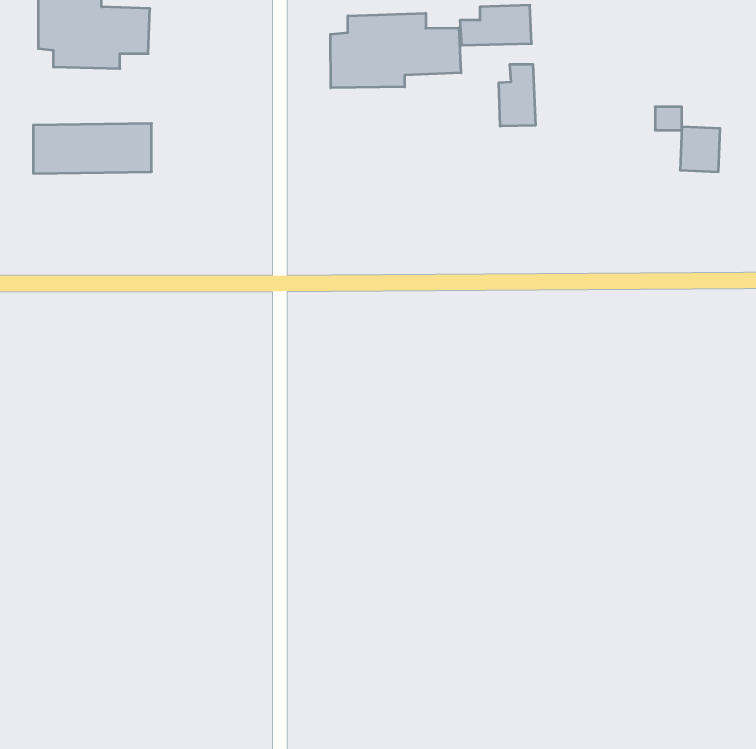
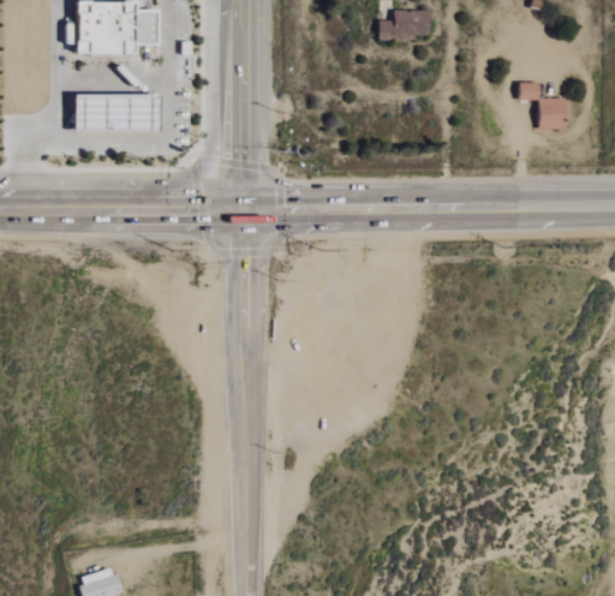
building: [330,13,461,88] -> none
building: [499,64,535,126] -> none

